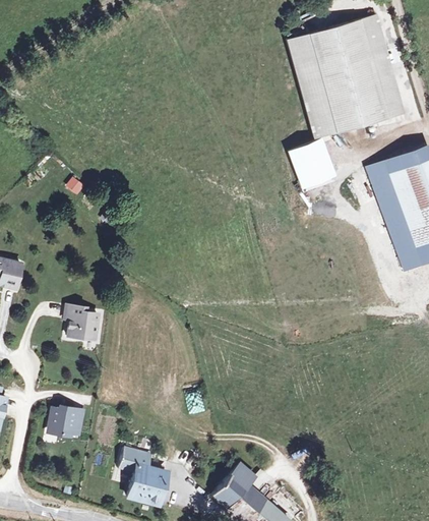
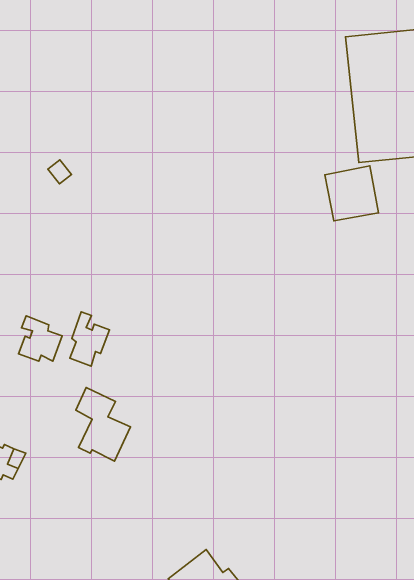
building: none -> [70,312,110,366]
building: [119,447,165,502] -> [76,388,130,461]

